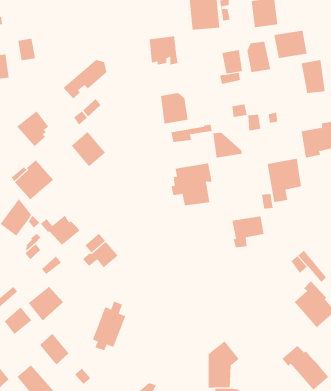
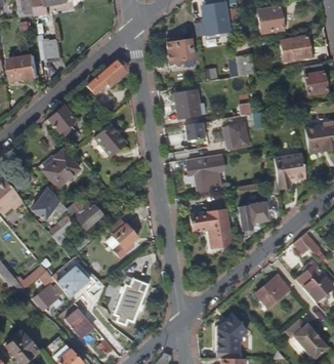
building: [247,41,271,73] -> none
building: none -> [187,208,229,247]
building: none -> [255,274,290,309]

